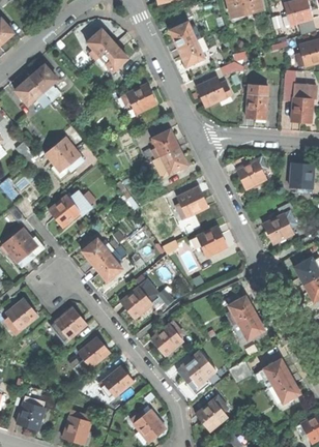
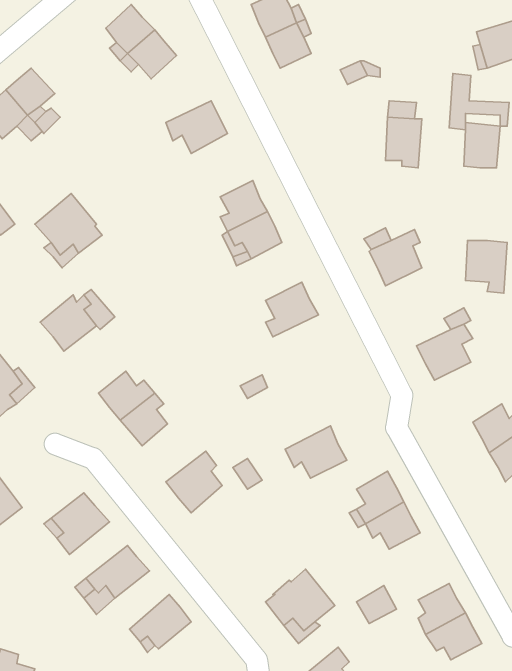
building: [195,77,230,106] -> none
building: [192,226,227,256] -> [285,426,347,478]
building: [151,320,183,355] -> none

